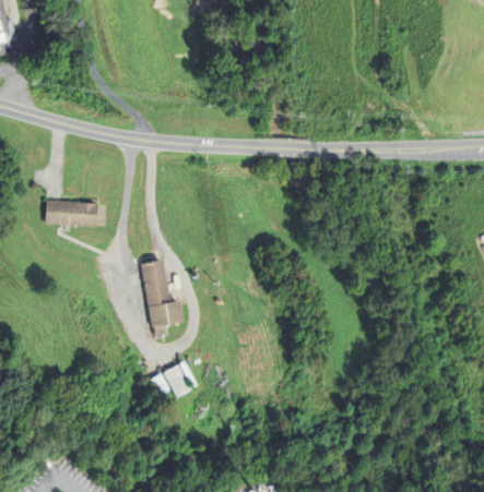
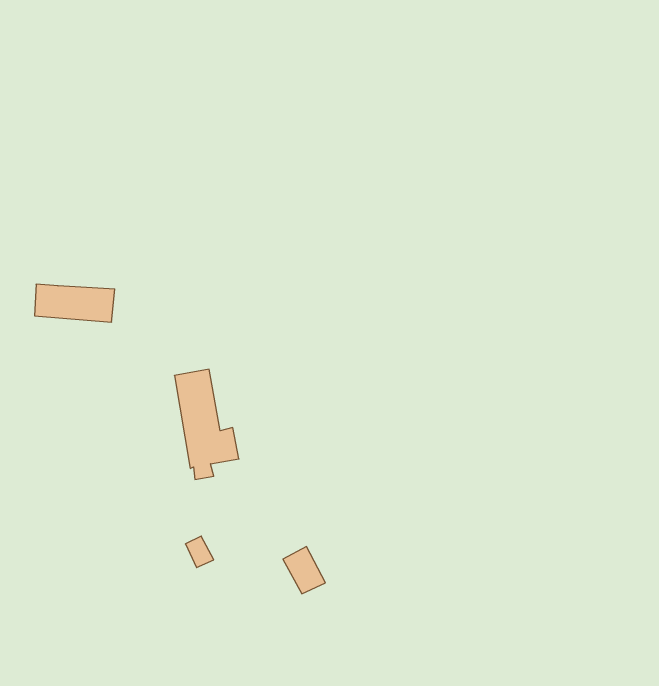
building: [162,364,191,397] -> [283,547,325,594]

